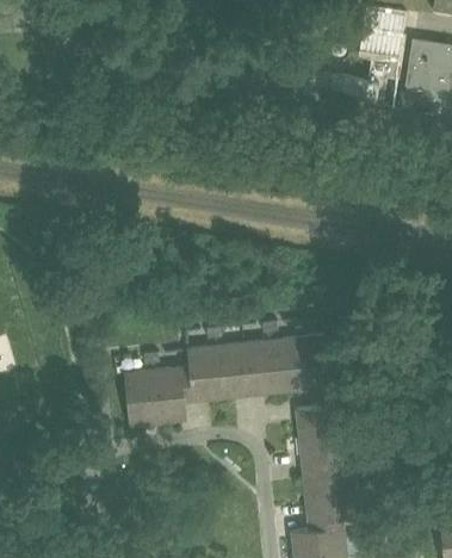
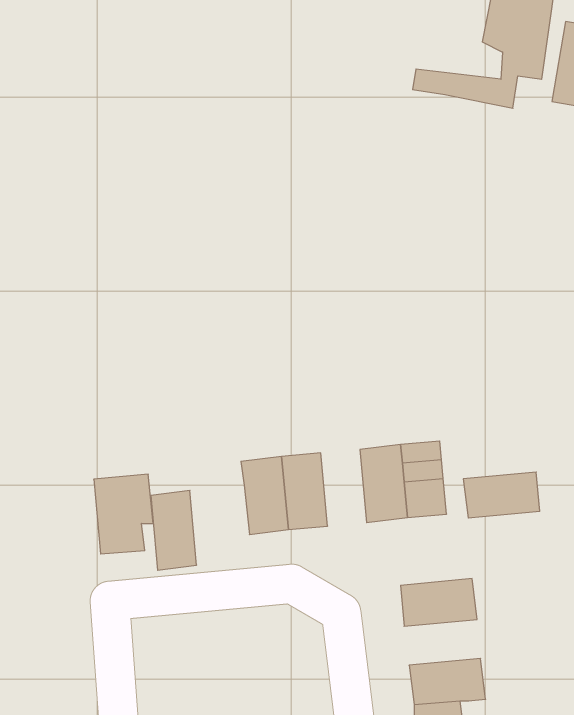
building: [242,341,274,395] -> none
building: [150,366,192,422] -> [94,474,153,554]
building: [295,404,348,436] -> [463,472,540,518]
building: [301,460,354,492] -> none

